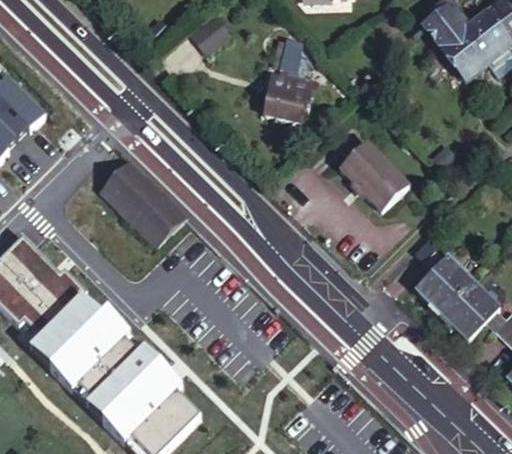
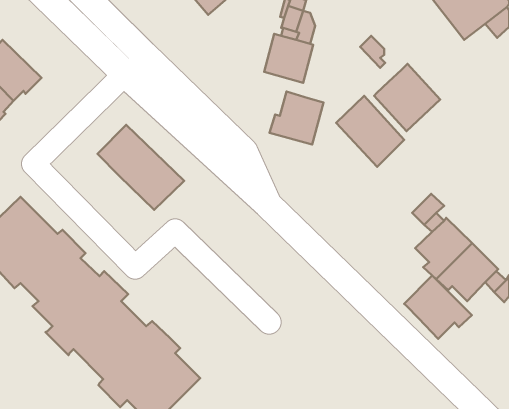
building: none -> [374,64,440,131]
building: none -> [269,92,324,144]
building: none -> [404,276,472,339]

